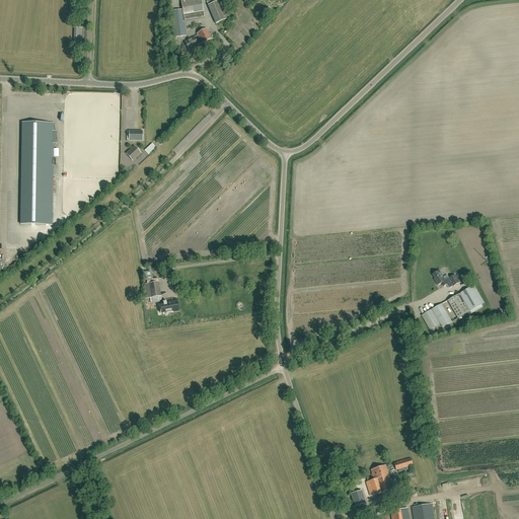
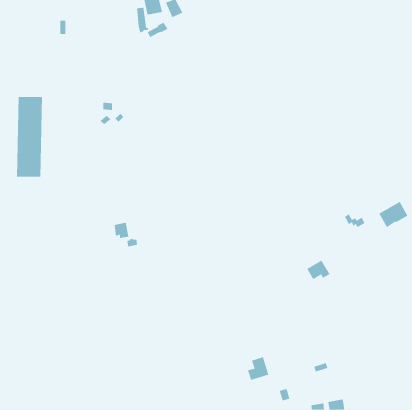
building: [447,283,485,316] -> [378,201,408,228]
building: [422,302,452,327] -> [306,260,331,280]
building: [366,463,393,494] -> [247,356,269,381]

